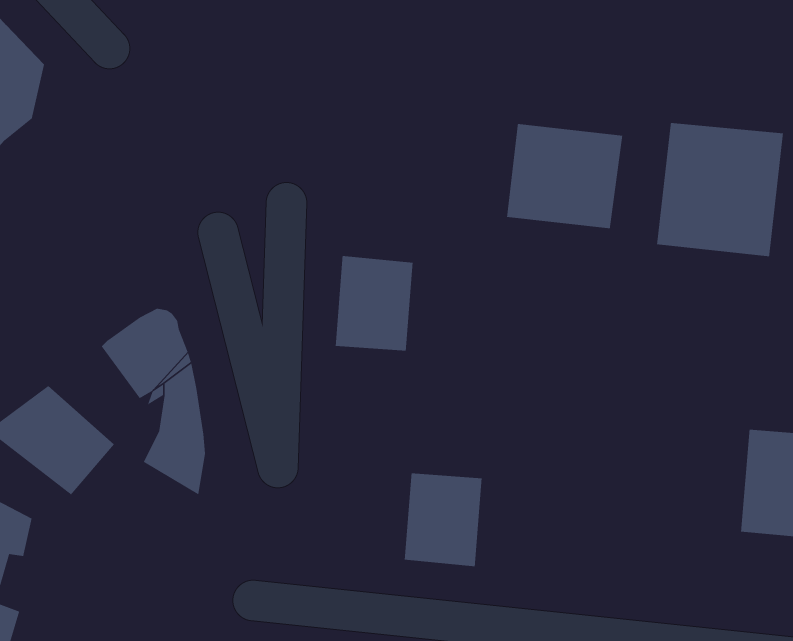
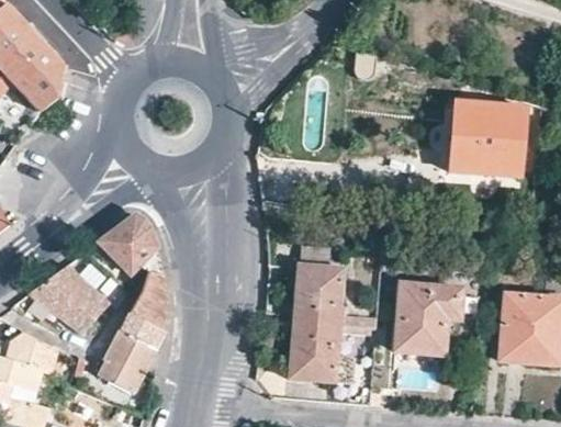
building: [506,123,623,229] -> none
building: [335,255,413,352] -> [294,262,344,323]
building: none -> [395,284,462,351]
building: none -> [93,313,161,392]

